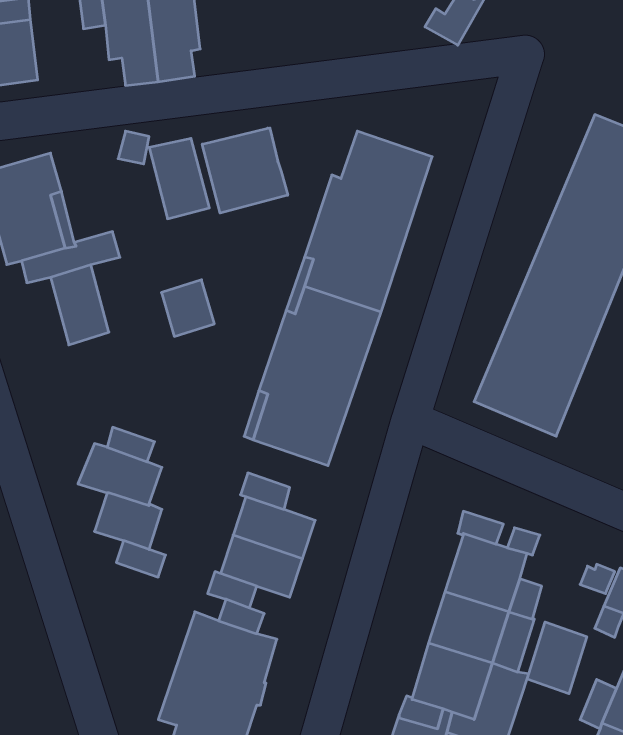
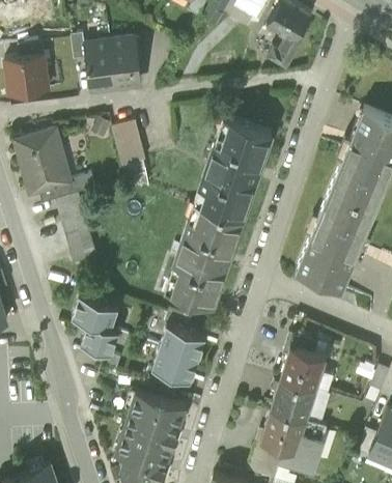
building: [202,128,288,213] -> none
building: [161,280,214,336] -> [66,231,96,263]
building: [527,622,587,694] -> none

